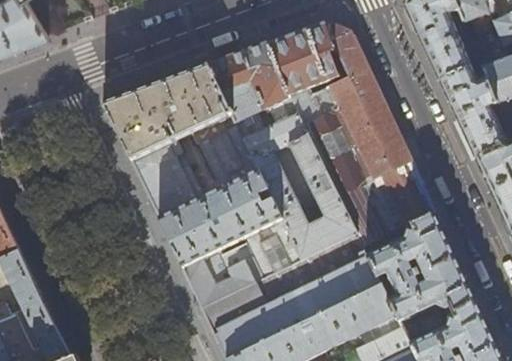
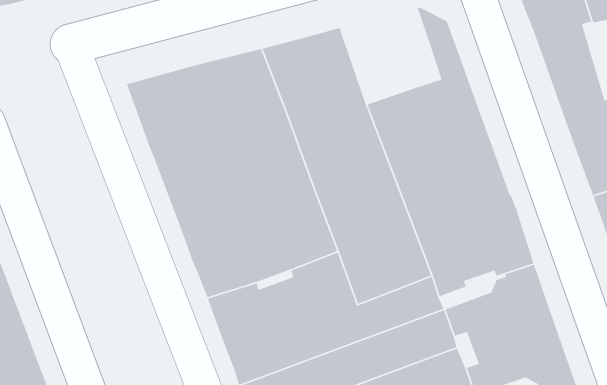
building: [268,24,340,103] -> none

